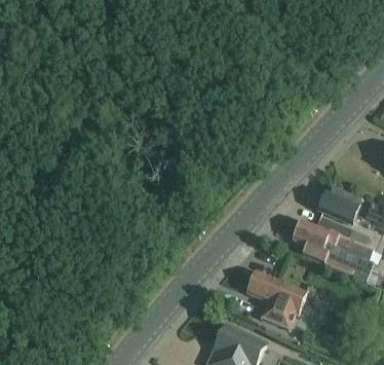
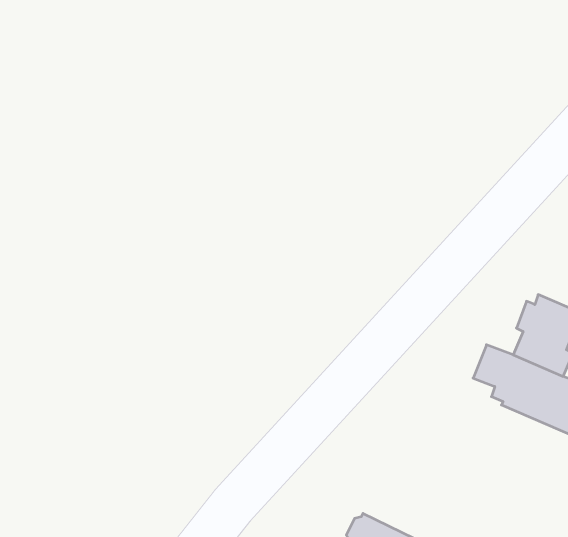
building: [247,270,306,329] -> none

